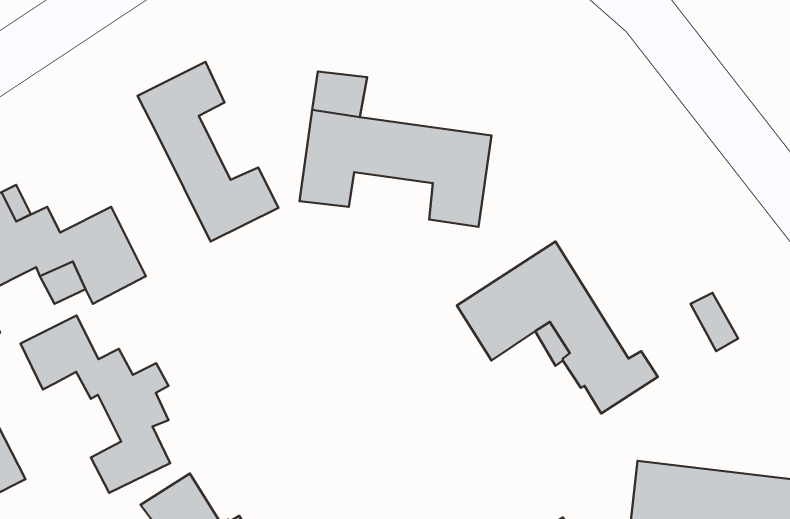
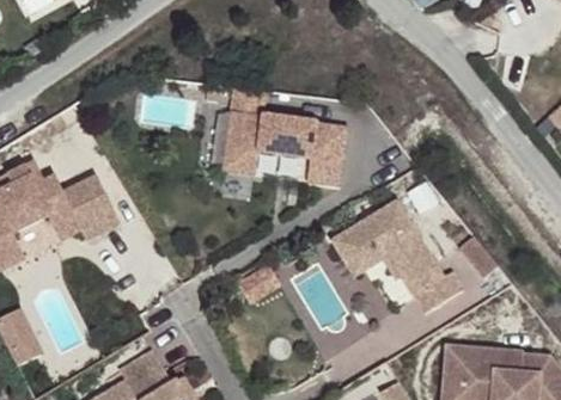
building: [137,62,278,242] -> none
building: [21,315,170,493] -> none

